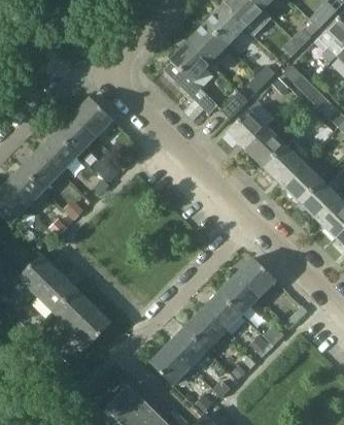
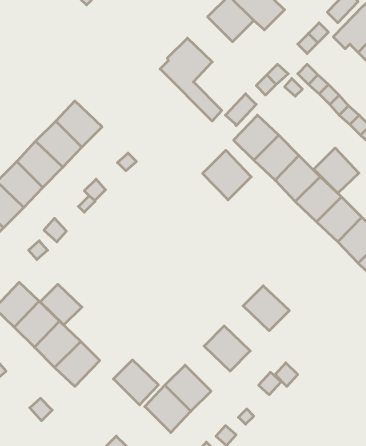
building: [187,23,227,62] -> none
building: none -> [314,148,359,193]
building: none -> [203,150,251,200]
building: none -> [40,284,82,325]
building: [219,274,259,314] -> none
building: [185,309,225,349] -> [113,360,158,405]

